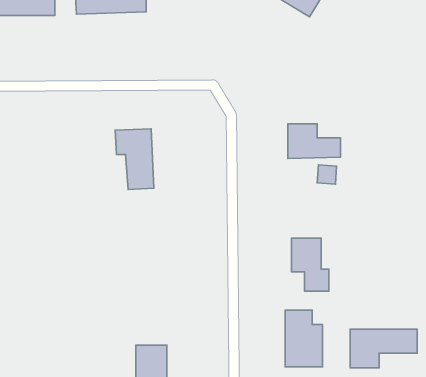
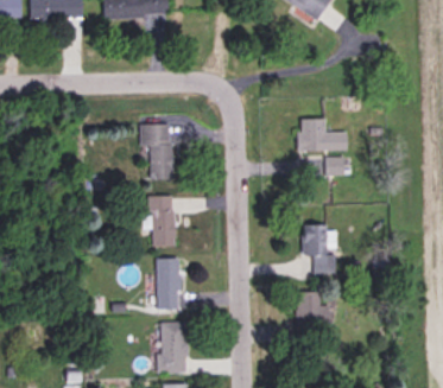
building: none -> [150,196,175,247]
building: none -> [154,259,181,310]
building: [350,329,417,368] -> none

